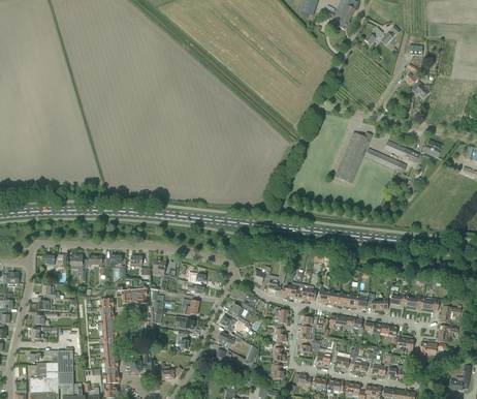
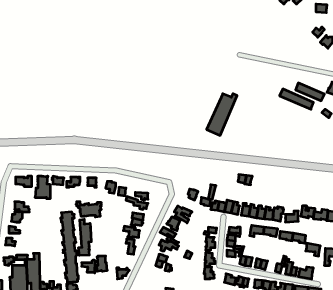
building: [333,132,371,183] -> [207,94,237,135]
building: none -> [79,219,91,255]

